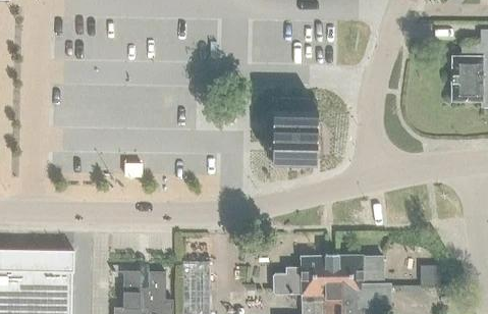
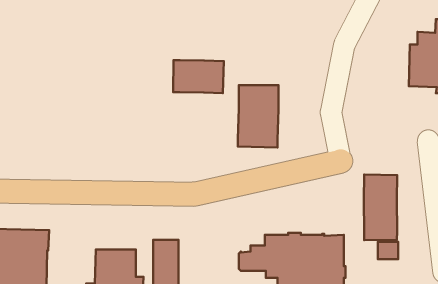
building: none -> [173,60,224,93]
building: none -> [364,174,397,240]

